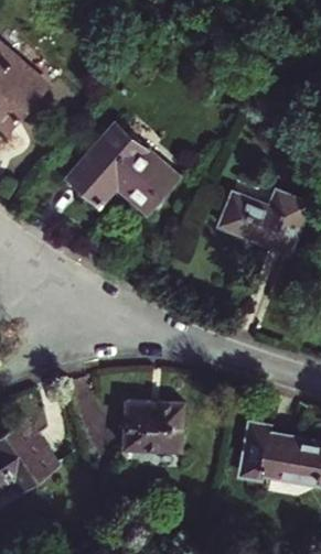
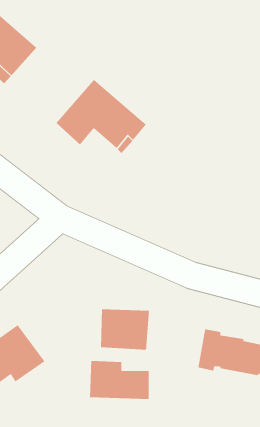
building: [221,192,308,254] -> none
building: none -> [89,360,149,400]

